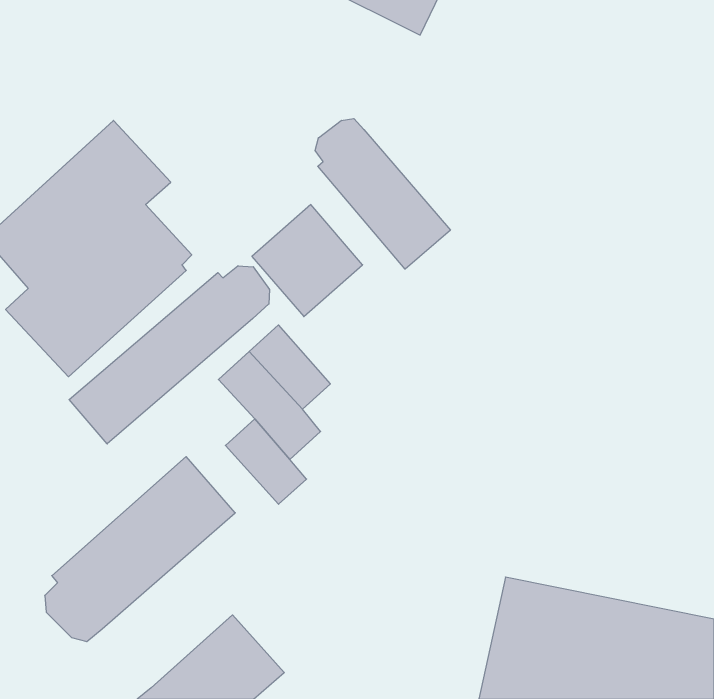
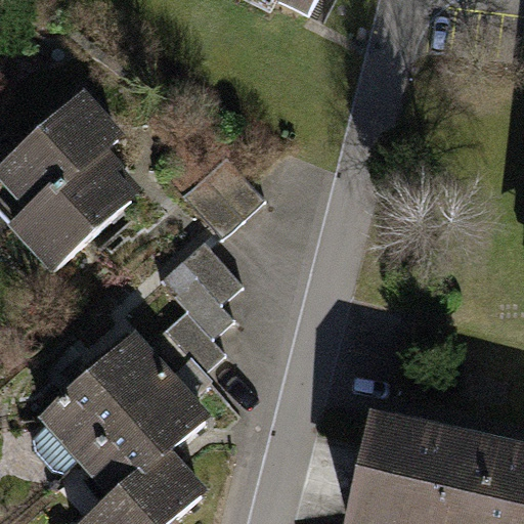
building: [315,119,450,269] -> none
building: [69,266,269,444] -> none
building: none -> [75,375,210,503]

